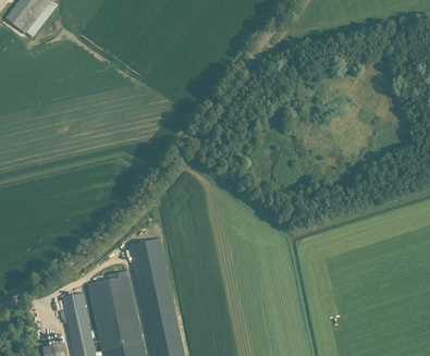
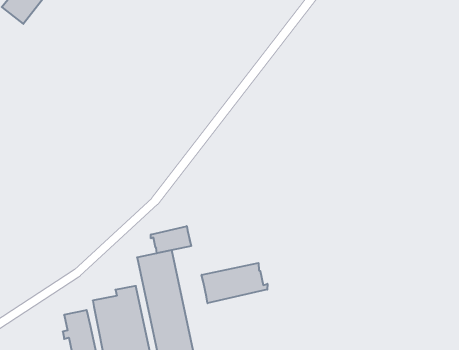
building: none -> [151,226,191,253]
building: none -> [202,263,267,303]

